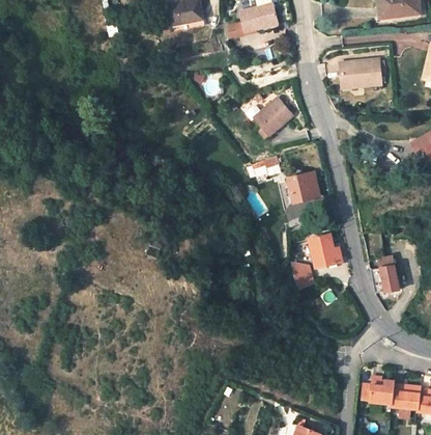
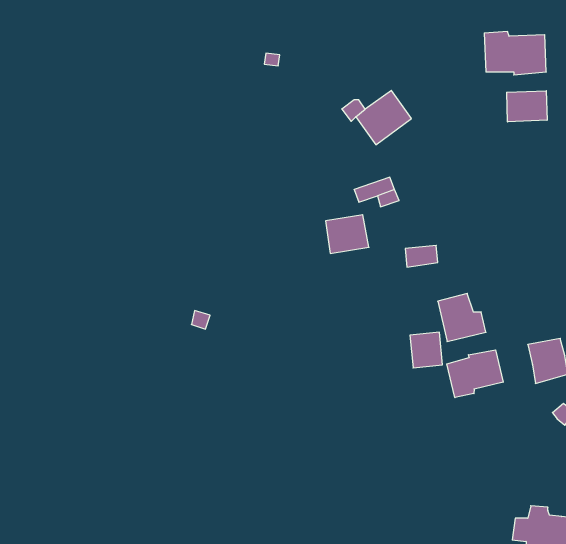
building: none -> [507,91,547,122]
building: [290,172,319,198] -> [326,215,369,253]
building: none -> [447,350,503,398]

